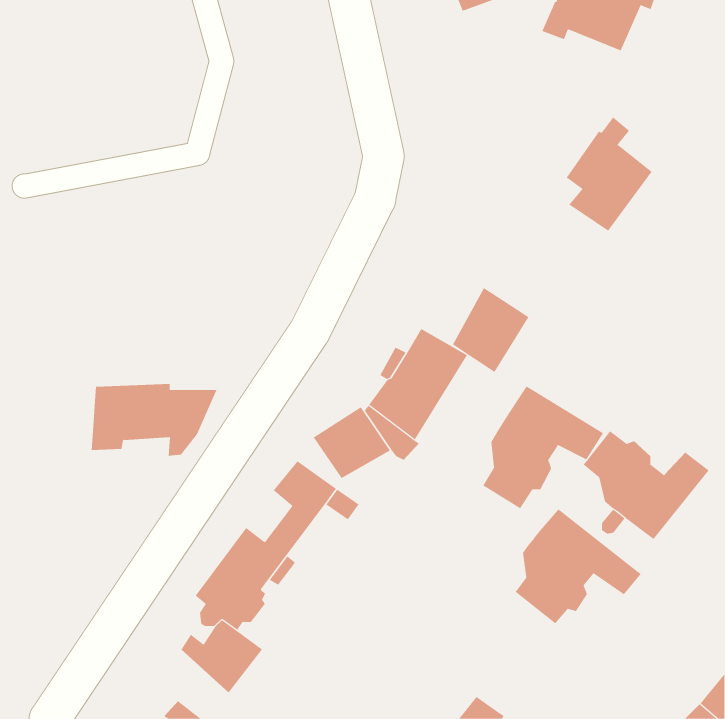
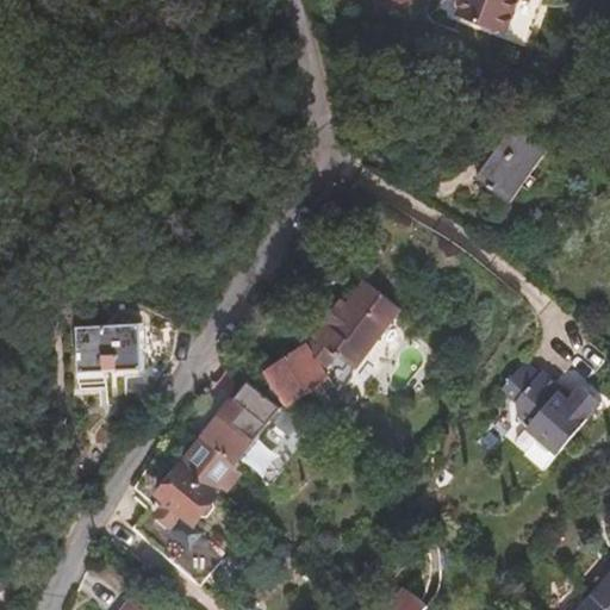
building: [452,287,529,373] -> none
building: [483,386,604,509] -> none
building: [515,508,642,624] -> none

